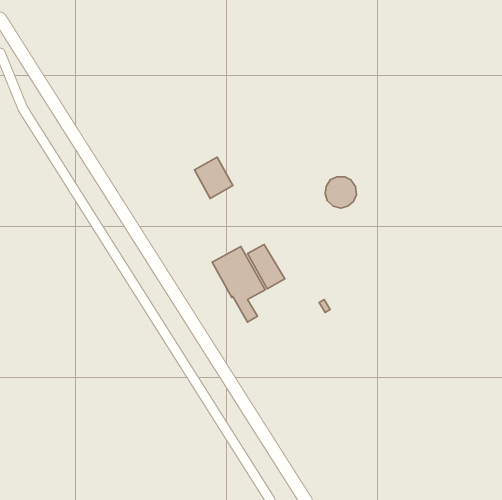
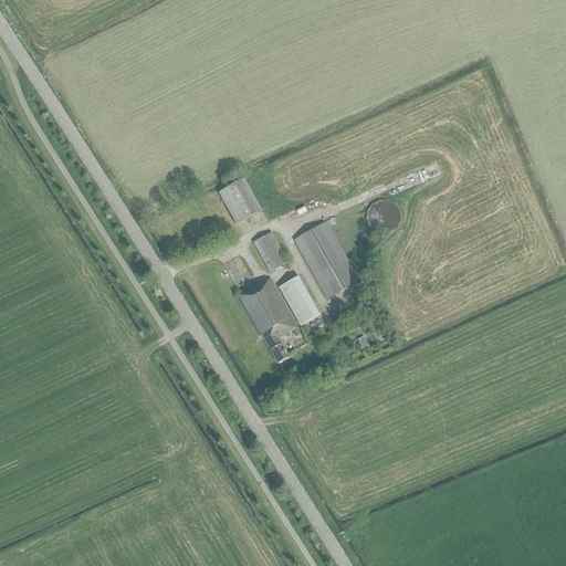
building: none -> [294,221,359,297]
building: none -> [253,231,287,271]

